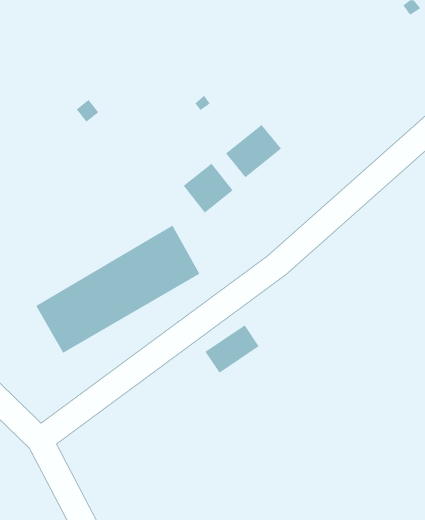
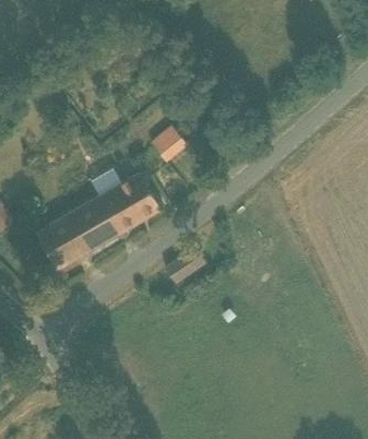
building: [225,124,282,178] -> none

